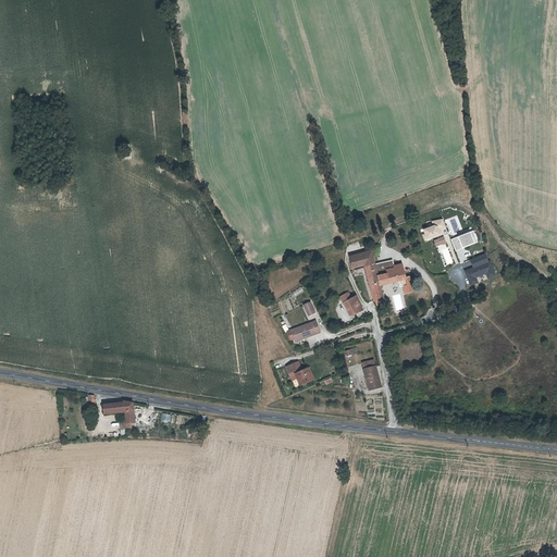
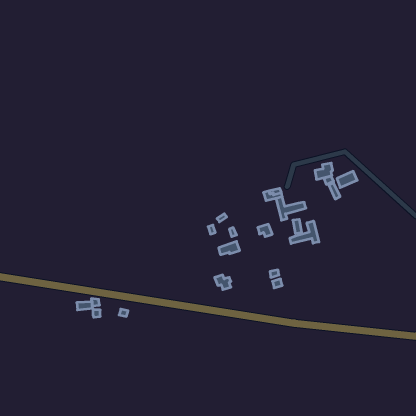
building: [462,252,494,285] -> none
building: none -> [290,221,319,244]

